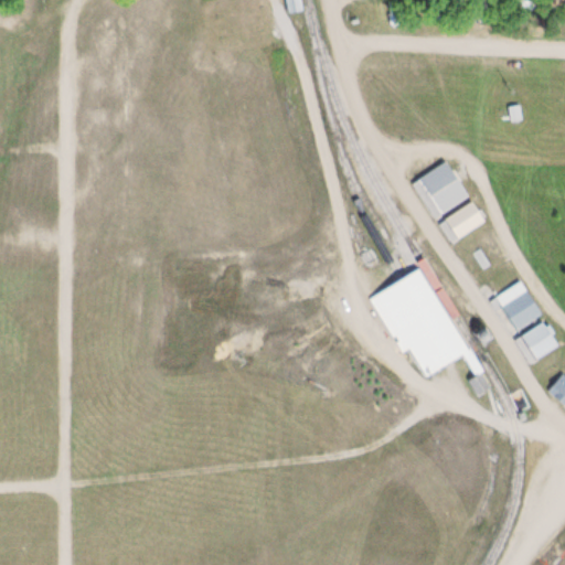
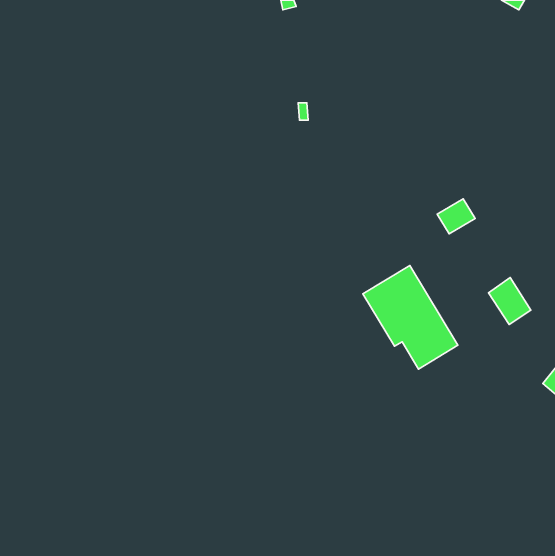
building: [416,162,467,214] -> none
building: [520,321,558,360] -> none

